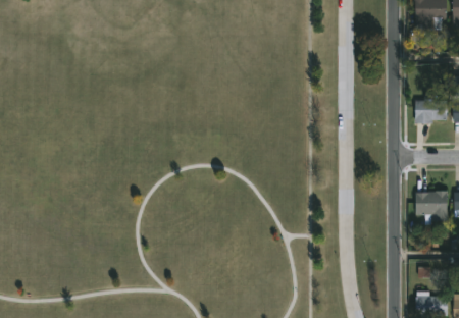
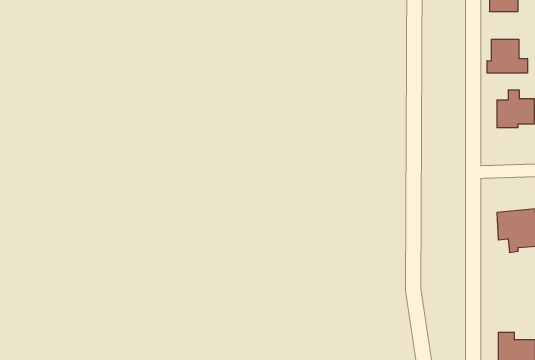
building: none -> [487,39,527,73]

